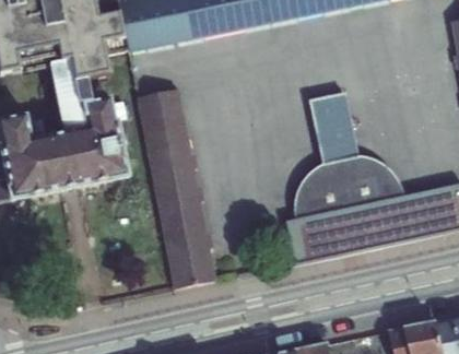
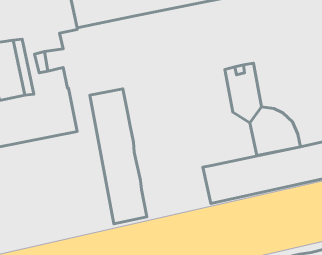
building: [138,87,185,131] -> none
building: [291,152,350,217] -> none

